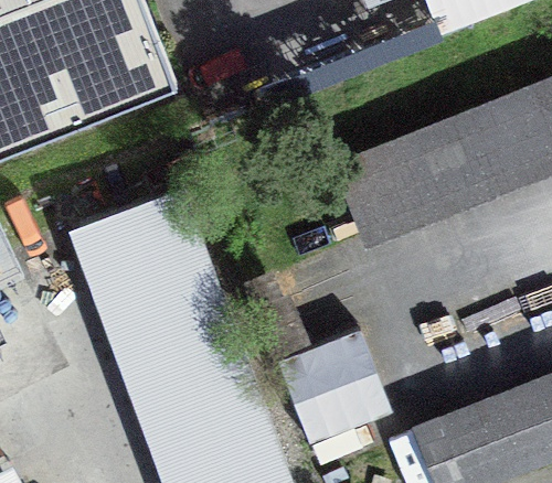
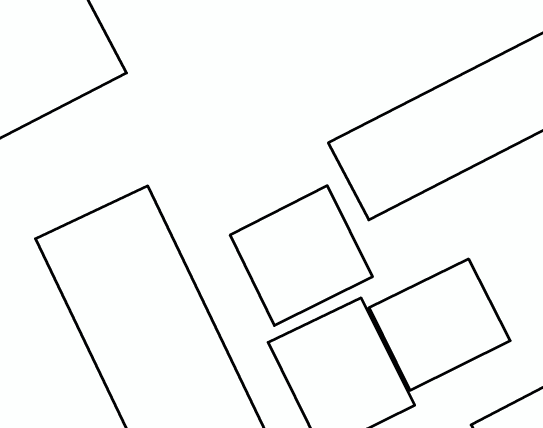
building: none -> [230,186,372,326]
building: none -> [369,259,510,390]

